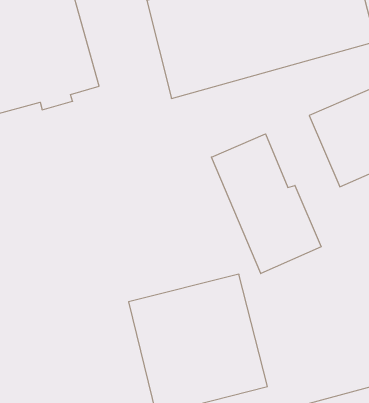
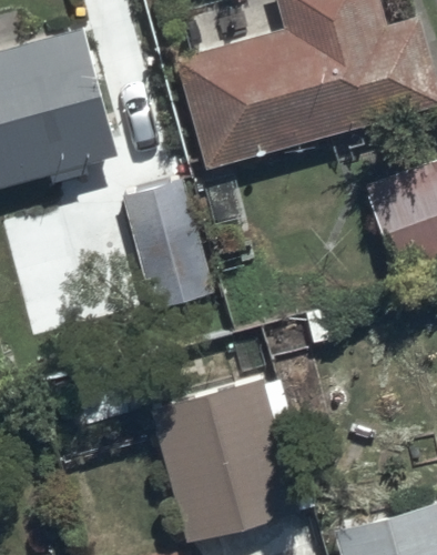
building: none -> [121,183,206,309]
building: [211,134,321,274] -> none

